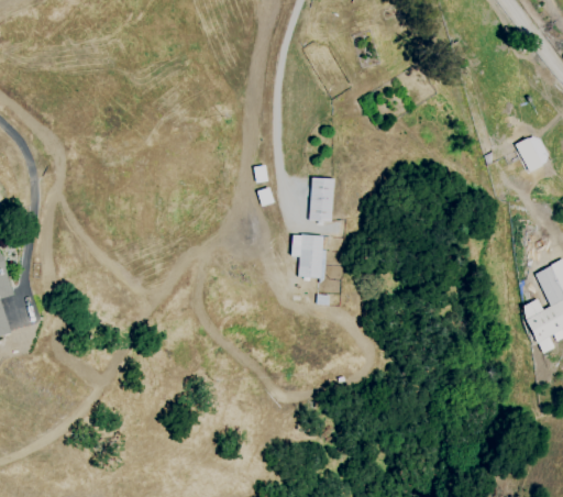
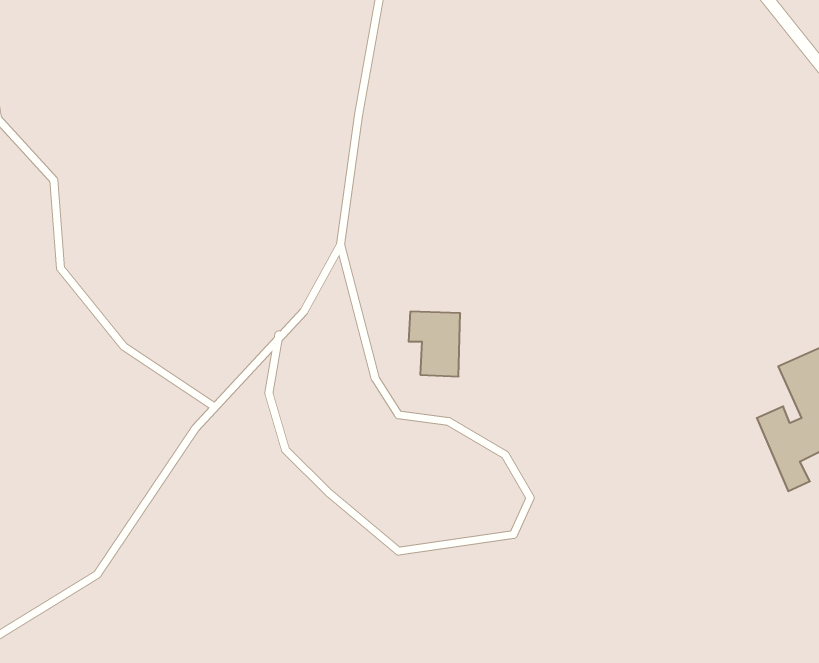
building: [516,134,550,170] -> none
building: [309,177,333,221] -> none

